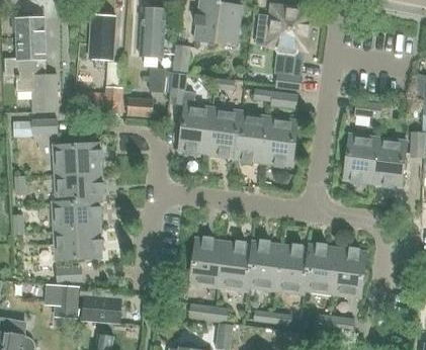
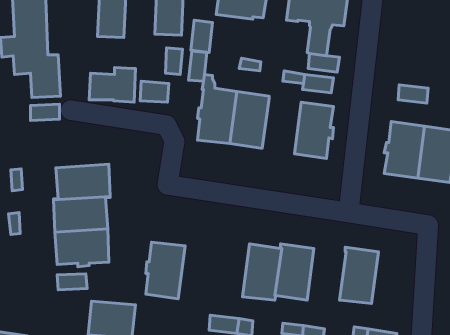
building: [234,113,269,162] -> none
building: [53,141,100,174] -> none
building: [189,238,224,287] -> [146,242,185,299]
building: [274,245,309,294] -> none
building: [331,248,365,297] -> none
building: [57,285,77,317] -> none

